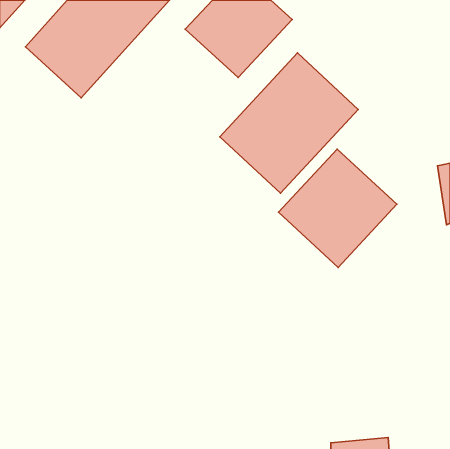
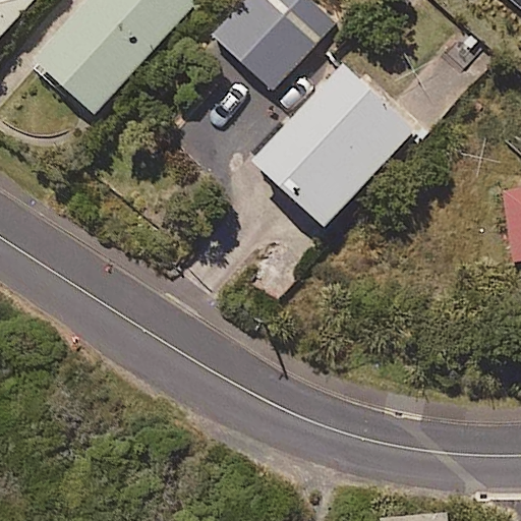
building: [279,149,397,267] -> none

